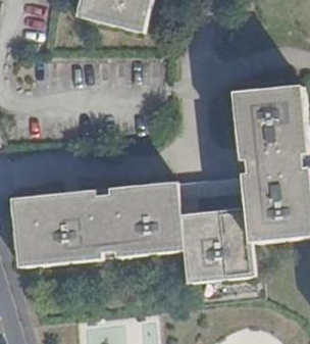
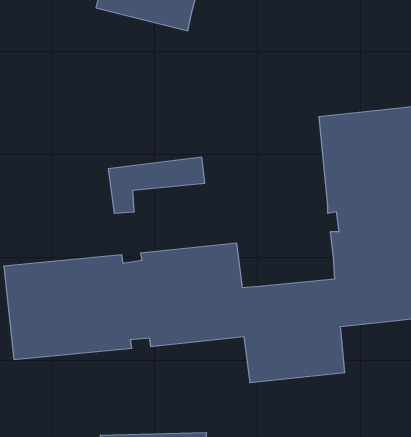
building: [177,174,246,213] -> [108,157,205,213]

